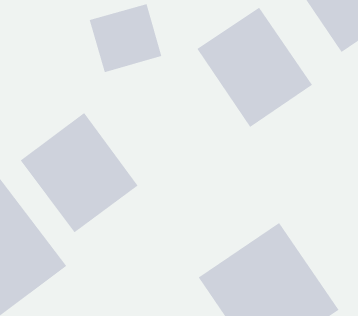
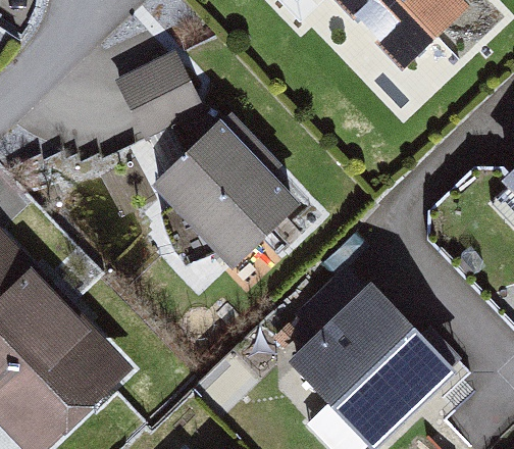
building: [197,7,313,128] -> none
building: [20,112,138,233] -> [157,127,298,267]

